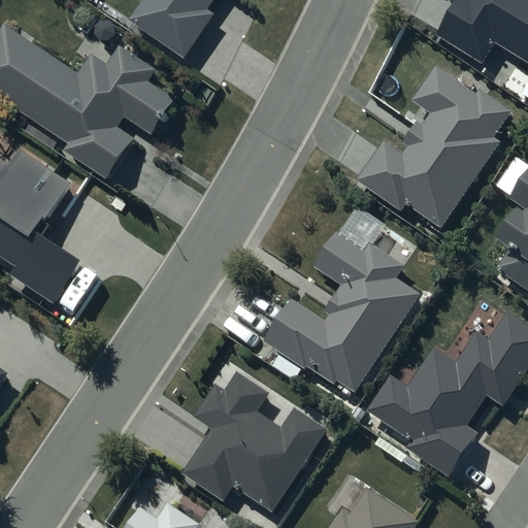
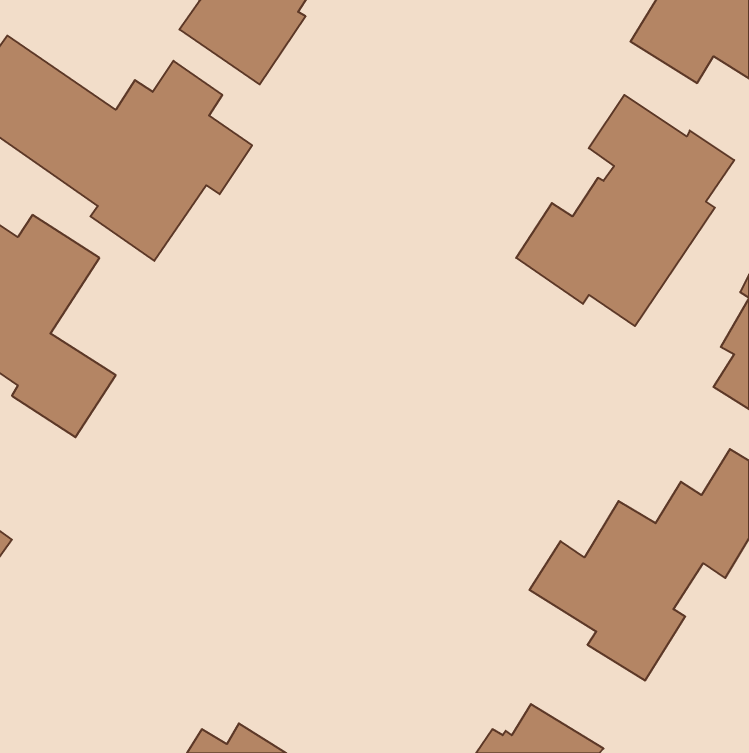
building: [264,230,419,398] -> none
building: [183,371,323,512] -> none

